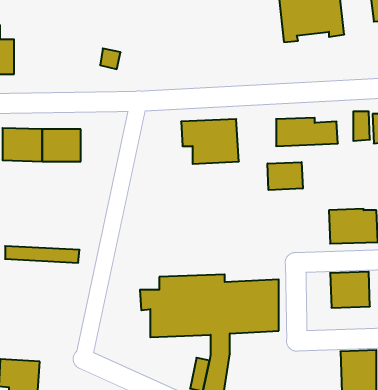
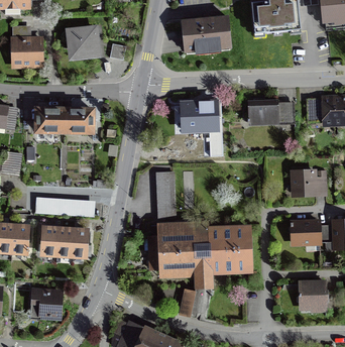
building: none -> [181,16,230,54]
building: none -> [65,25,101,61]
building: [268,162,303,190] -> none
building: none -> [156,172,177,220]
building: none -> [41,226,88,254]

